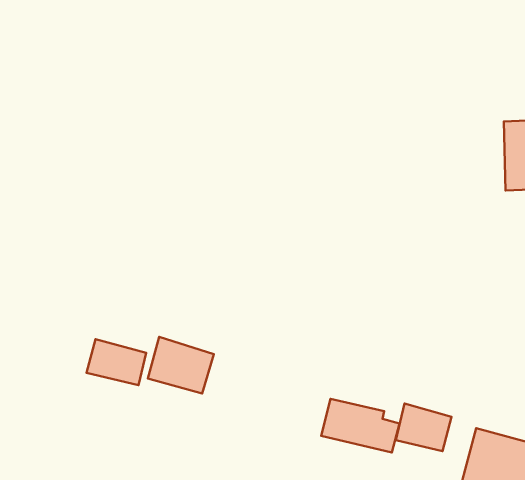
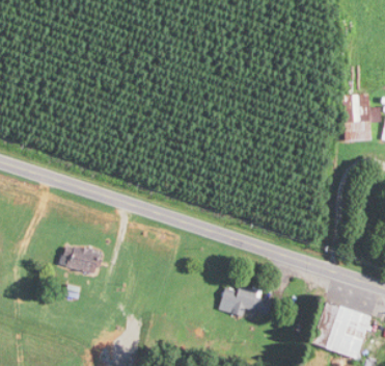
building: [148,337,214,393] -> none
building: [396,403,452,451] -> none

